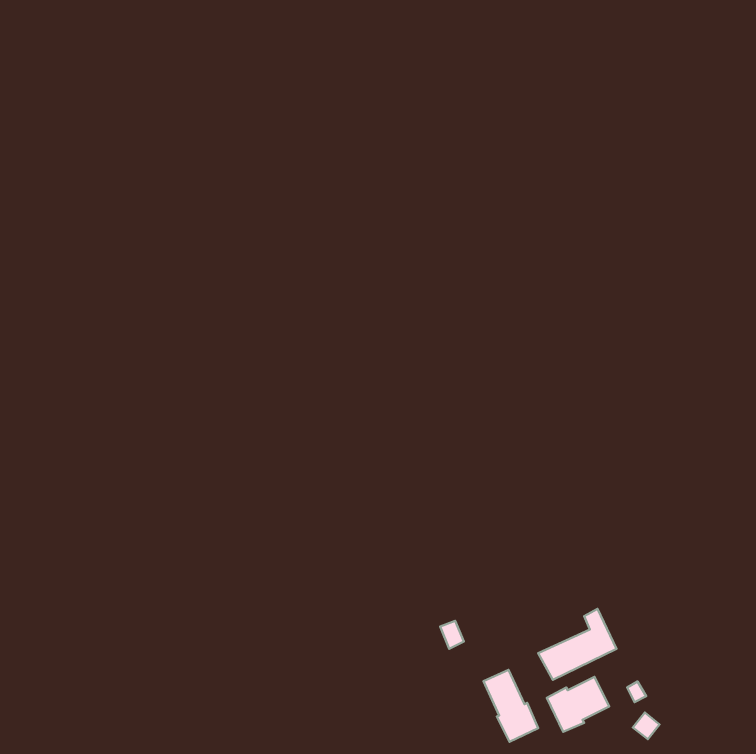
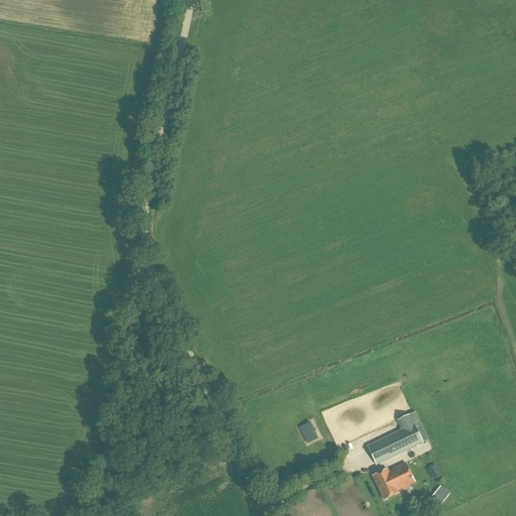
building: [483,670,538,742] -> none

